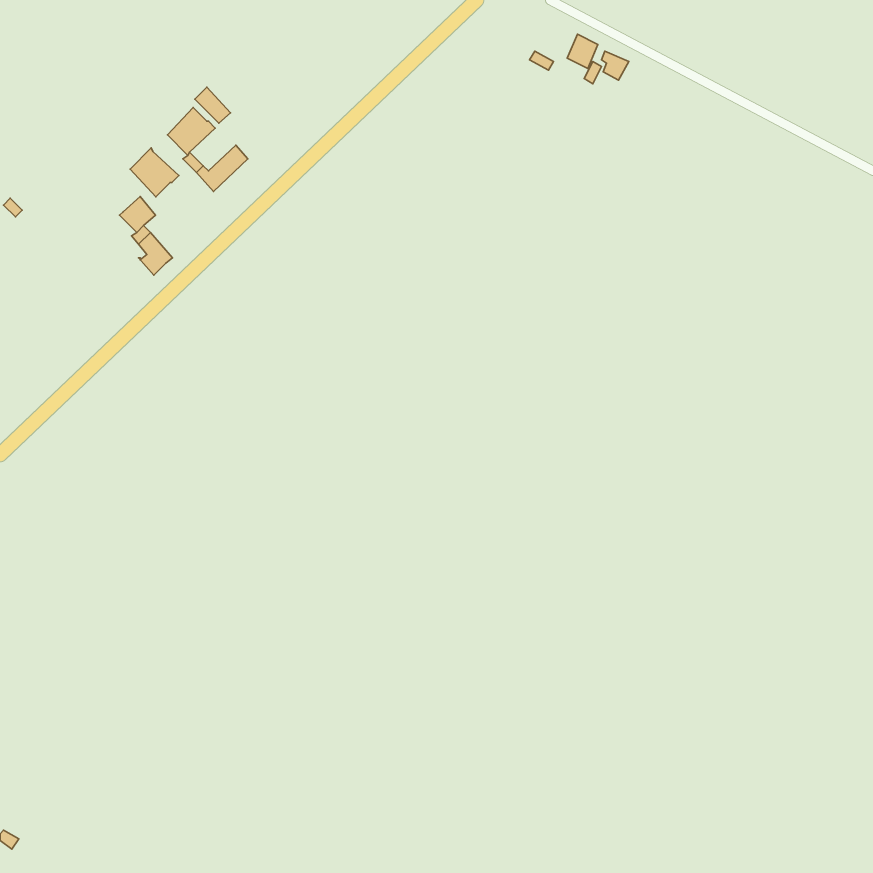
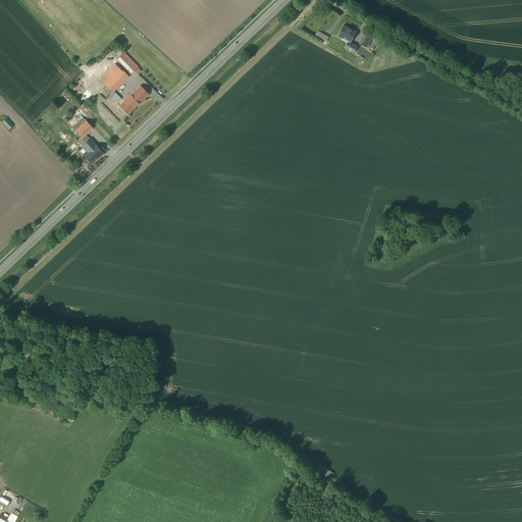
building: [130,148,179,197] -> none

